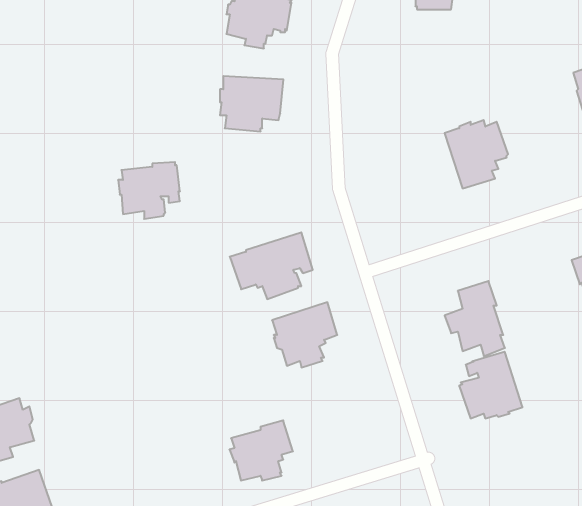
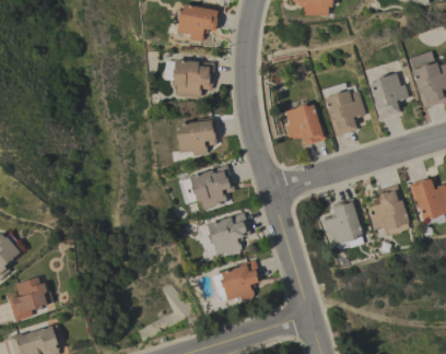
building: none -> [368,72,408,119]
building: none -> [284,104,326,145]
building: [118,162,180,219] -> [175,118,216,156]
building: [459,352,523,418] -> [366,185,409,229]
building: [229,420,293,481] -> [219,260,261,300]

